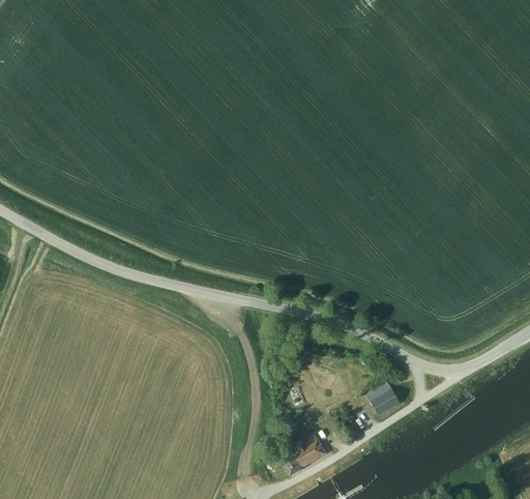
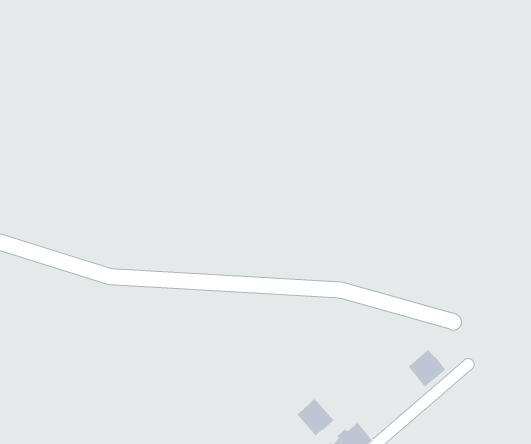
building: none -> [297,398,334,436]

